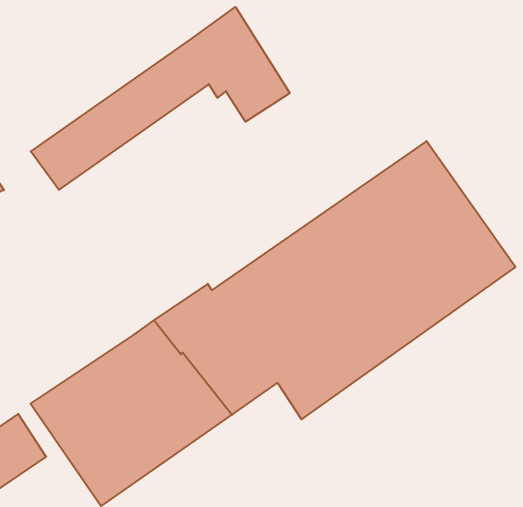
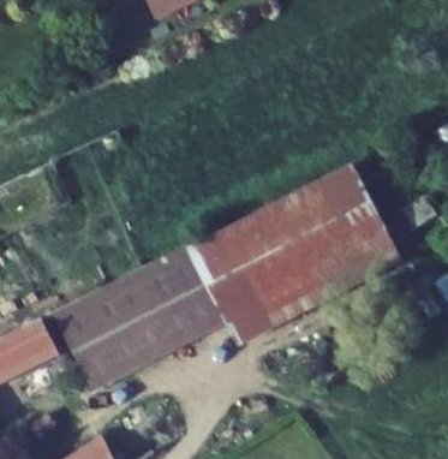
building: [31,7,290,190] -> none

